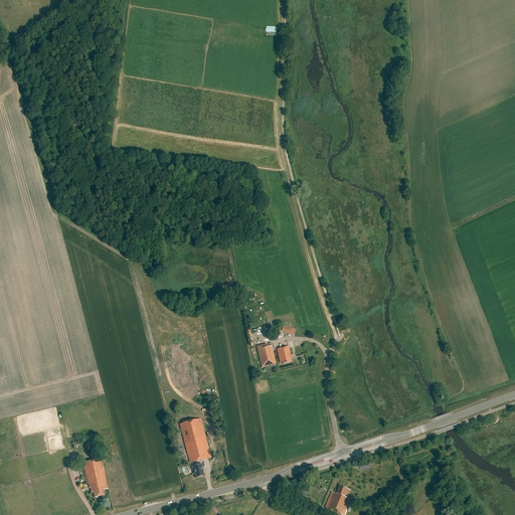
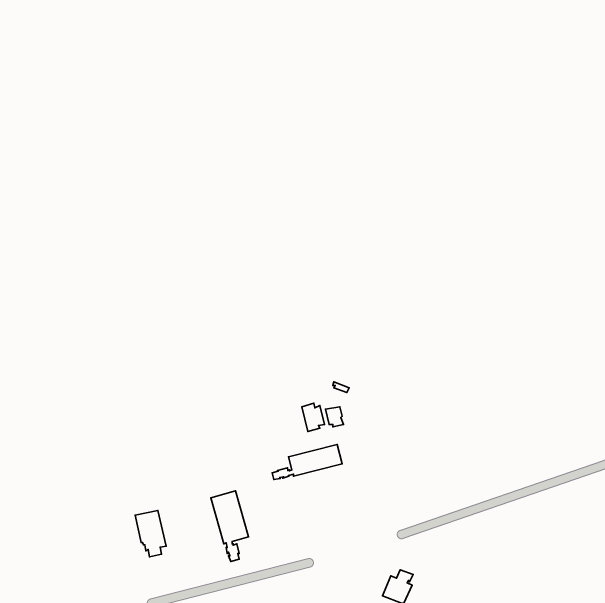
building: none -> [272,445,342,479]
building: [82,458,109,497] -> [135,511,166,557]

